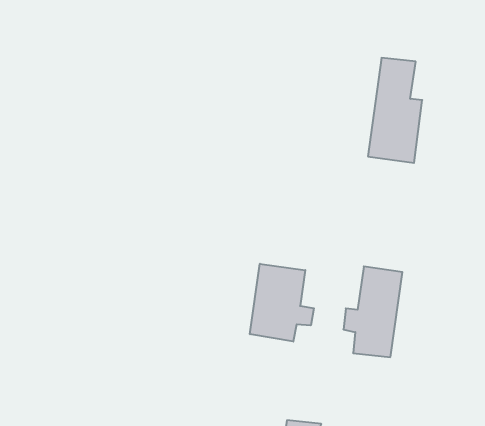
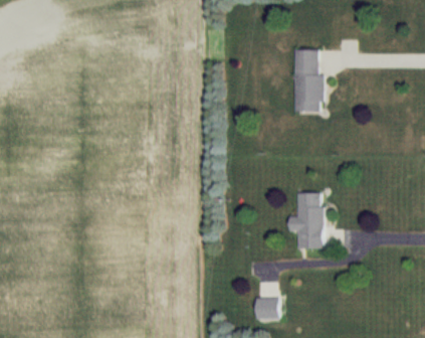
building: [250,264,314,342] -> none

